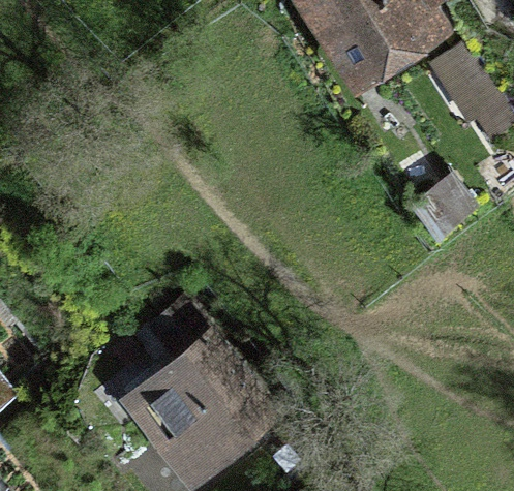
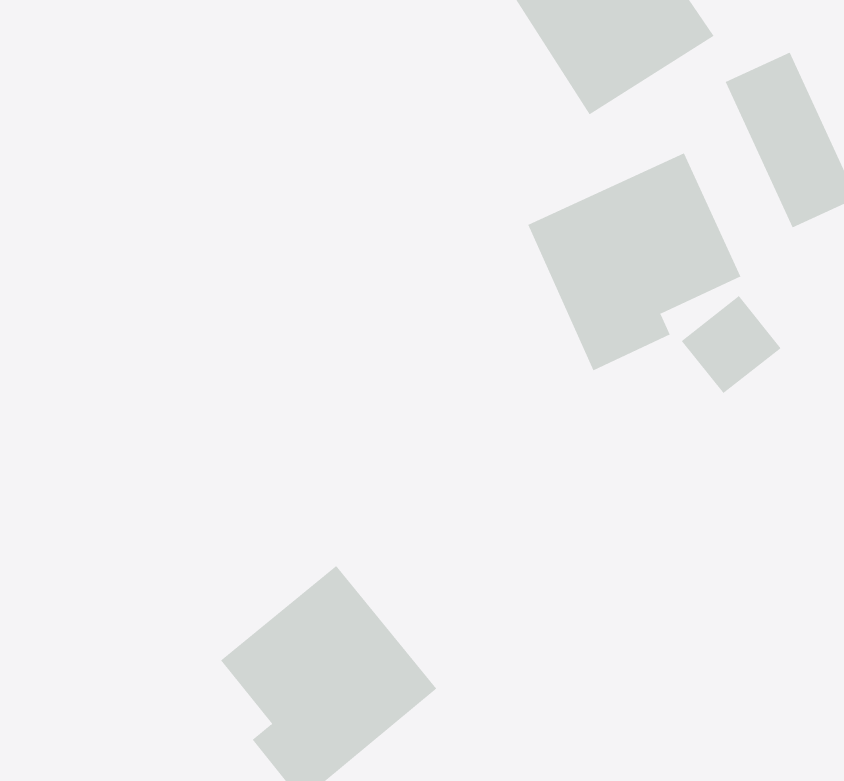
building: none -> [527,152,741,371]

